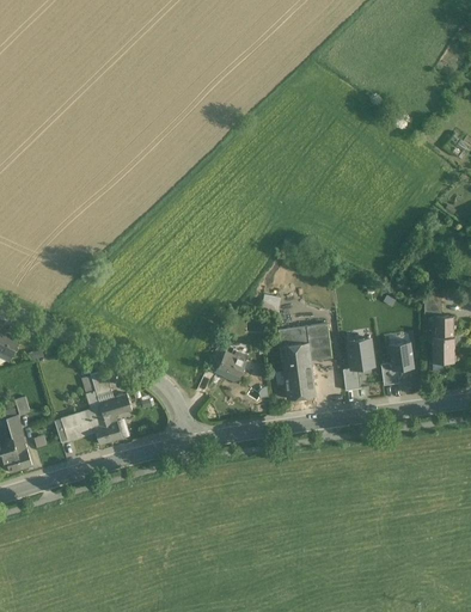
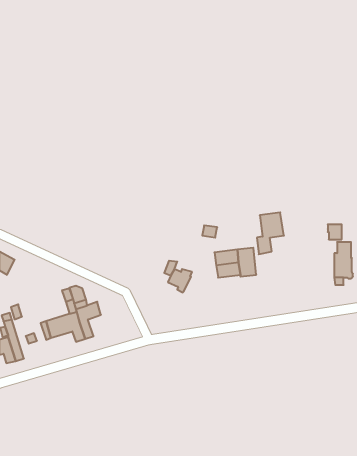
building: [343,337,378,391] -> [257,212,284,254]
building: [383,342,411,384] -> none
building: [281,359,314,399] -> none

